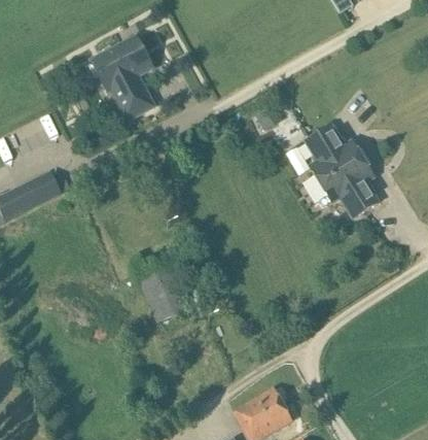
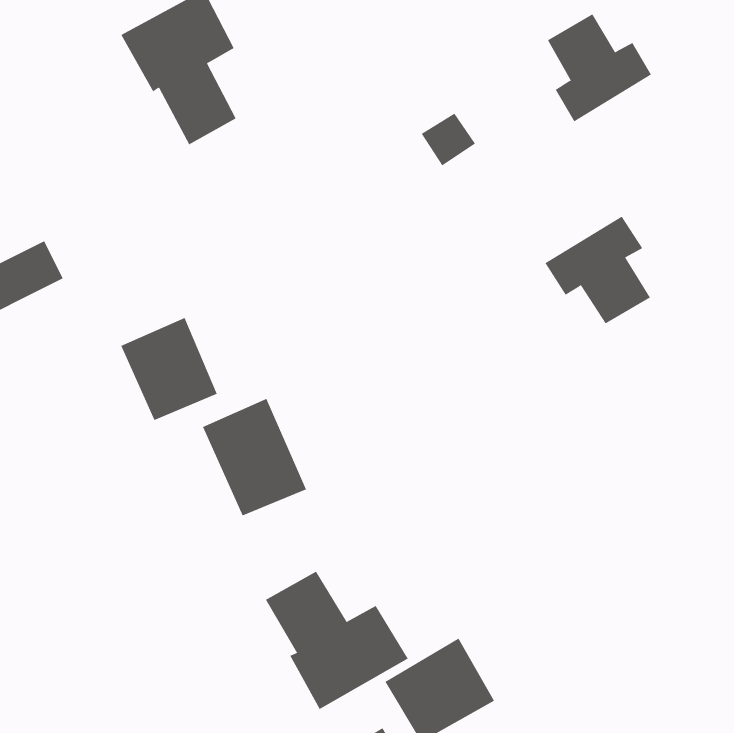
building: [307,126,363,184] -> [547,14,652,122]
building: none -> [120,317,218,421]
building: none -> [265,571,409,710]

